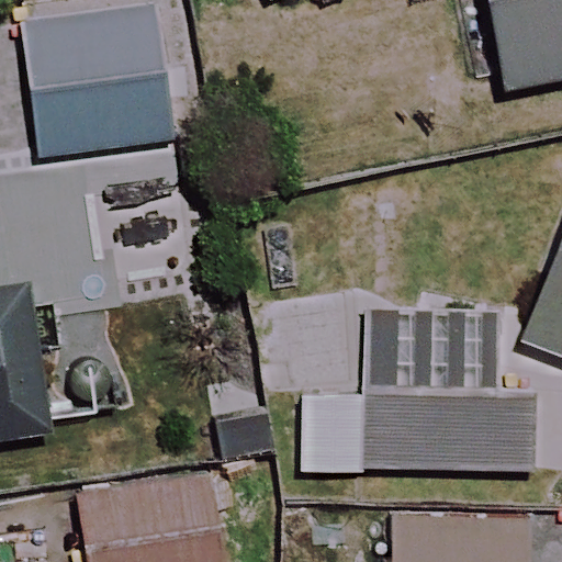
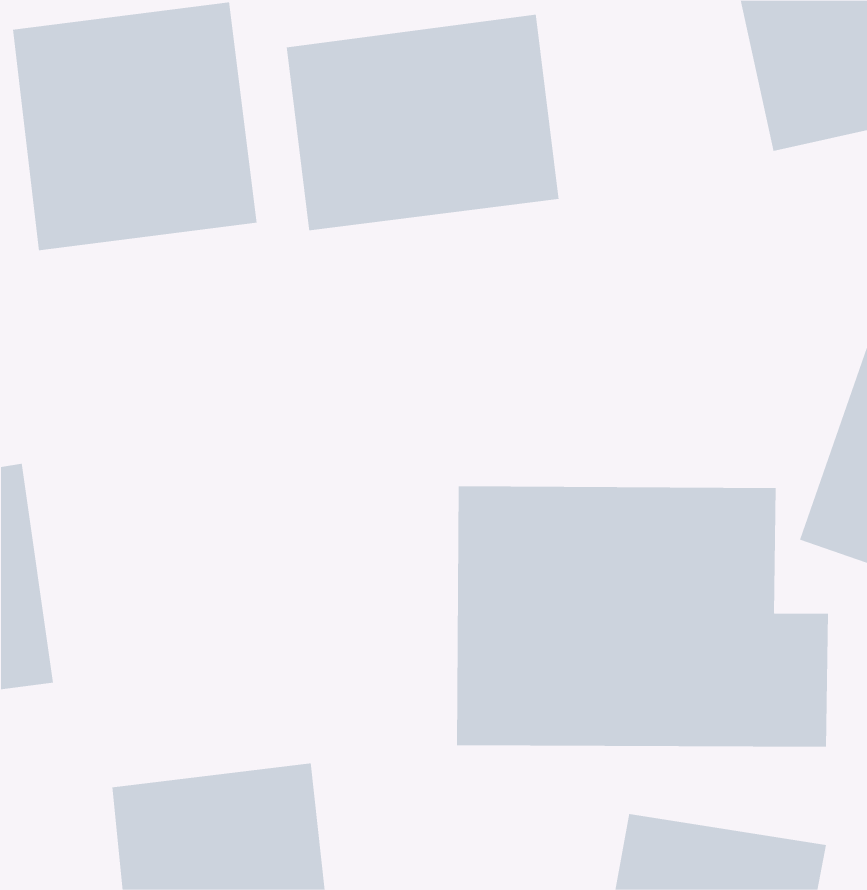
building: none -> [286,14,559,231]

